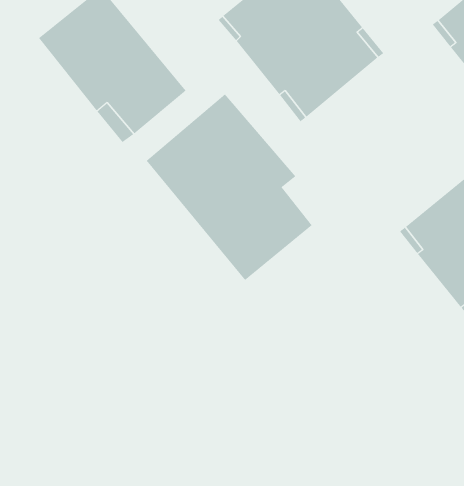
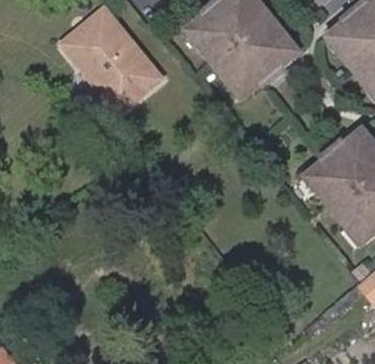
building: [146,94,312,281] -> none

